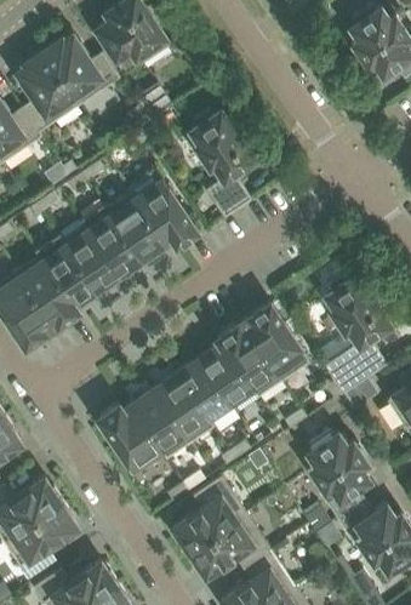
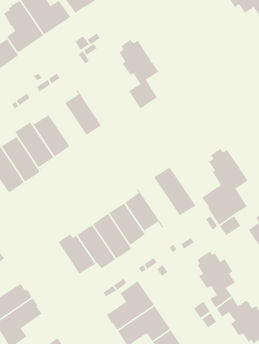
building: [130,170,195,242] -> none
building: [82,204,143,273] -> none
building: [221,319,284,395] -> none

